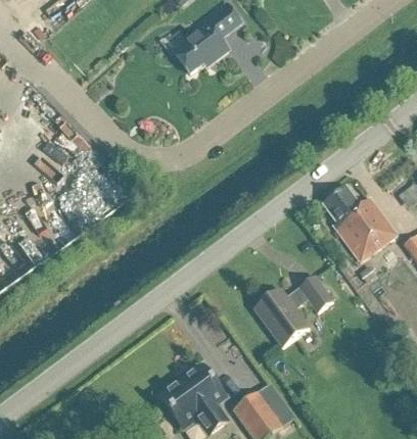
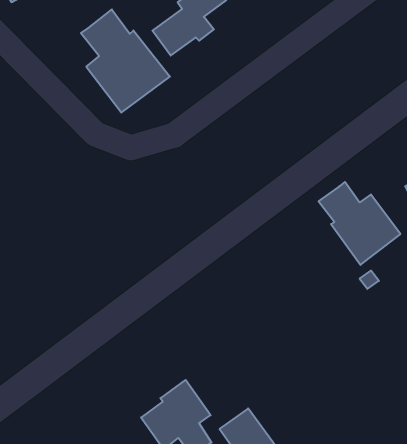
building: none -> [81,9,170,113]
building: [253,276,332,346] -> none

